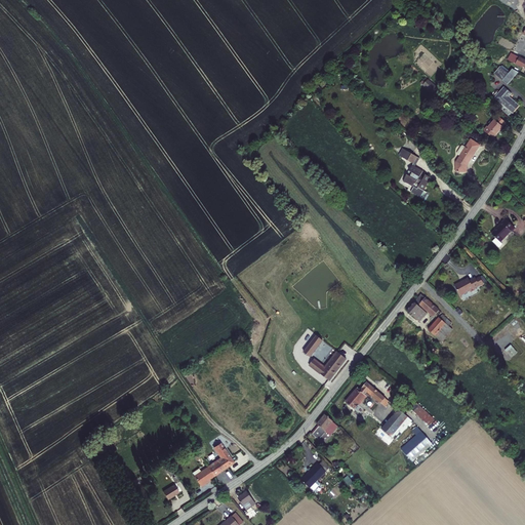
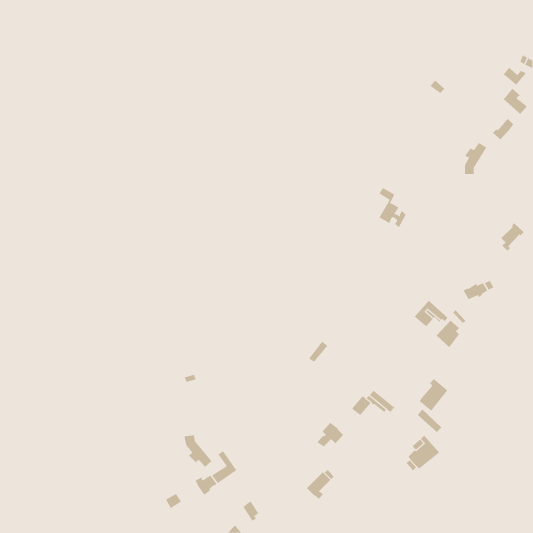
building: [402,151,430,191] -> [378,187,407,228]
building: [309,351,346,379] -> none
building: [381,407,410,440] -> [419,378,448,412]
building: none -> [184,435,212,468]

